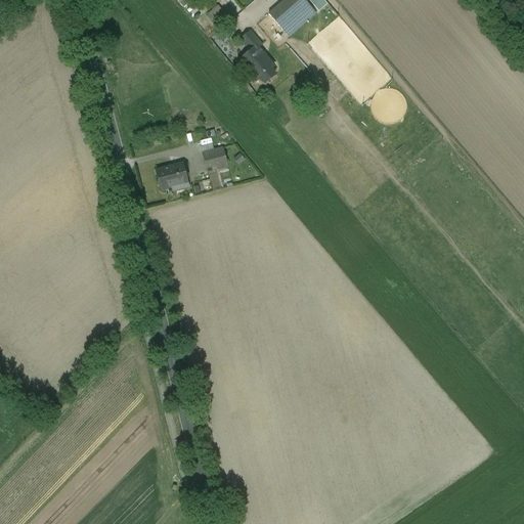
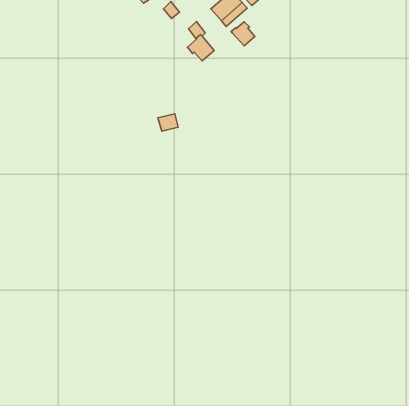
building: none -> [231,22,255,46]
building: [158,161,188,186] -> none

